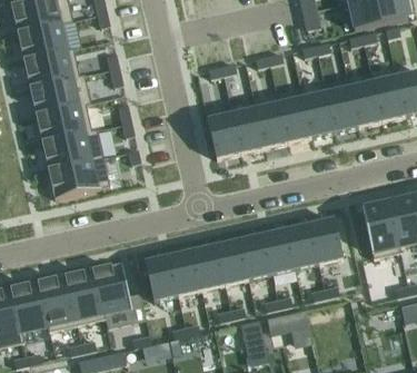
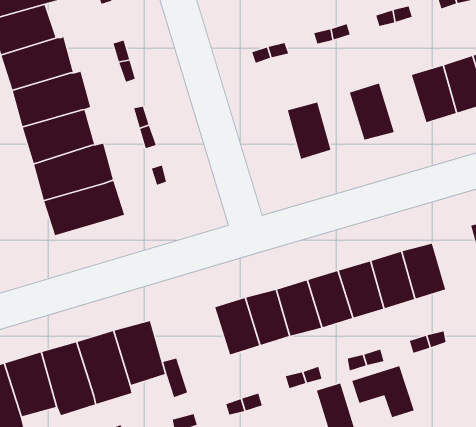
building: [302,94,335,136] -> none
building: [256,104,288,146] -> none
building: [208,114,240,157] -> none
building: [146,256,178,298] -> none

